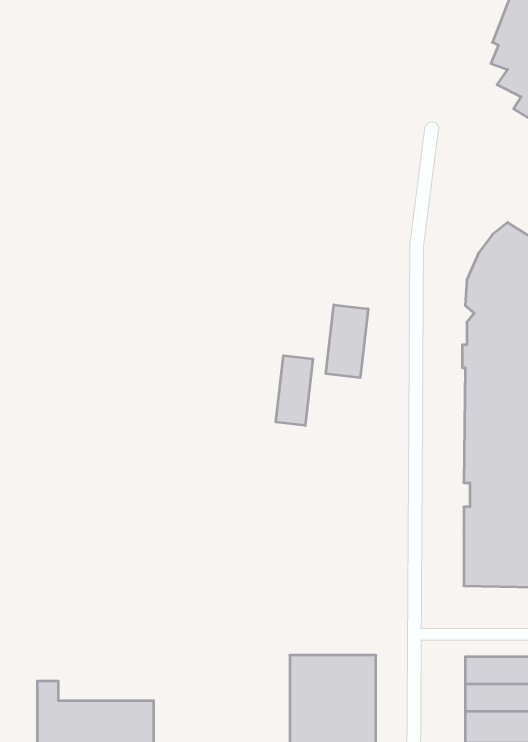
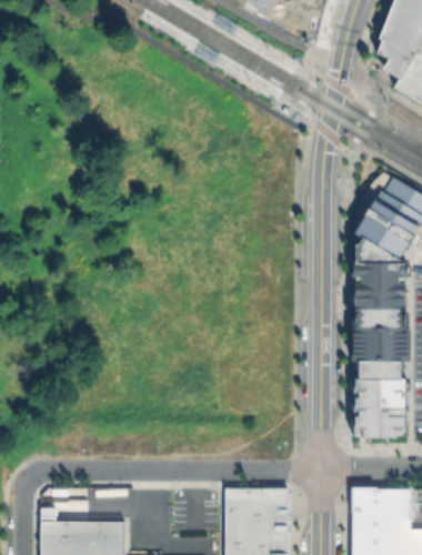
building: [326,305,368,378] -> none
building: [276,356,313,426] -> none

